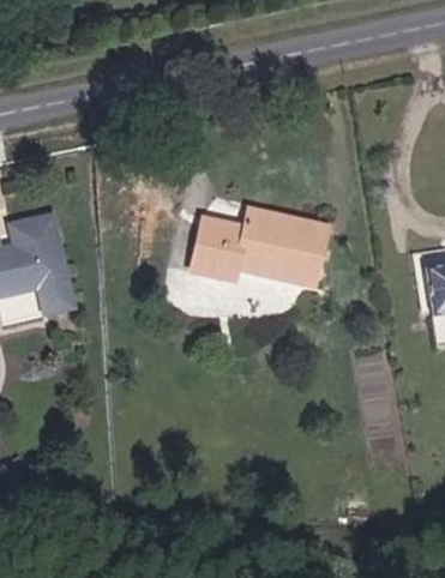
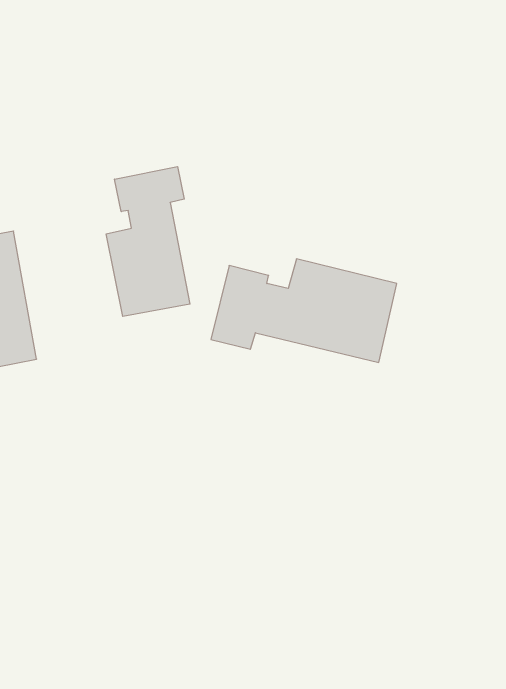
building: none -> [106,167,190,316]

